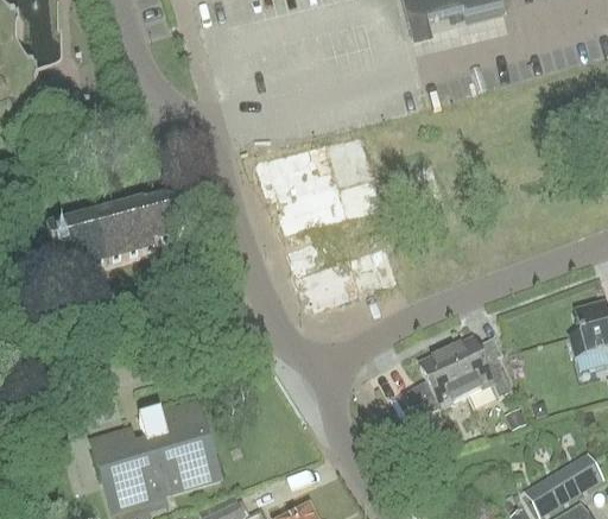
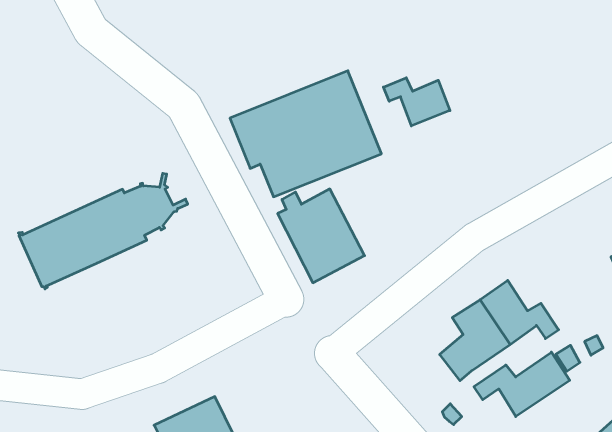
building: none -> [383,78,450,126]
building: none -> [474,352,570,417]

